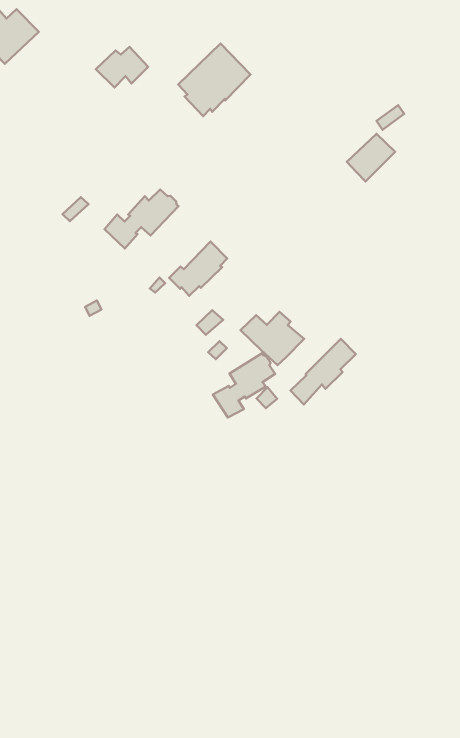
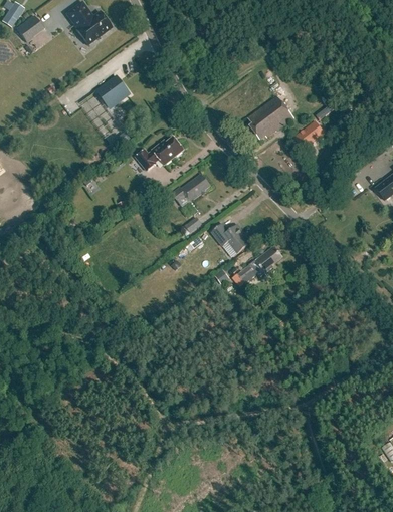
building: [178,44,250,116] -> [247,95,293,140]
building: [96,47,148,87] -> [96,79,130,103]
building: [213,353,275,418] -> none

